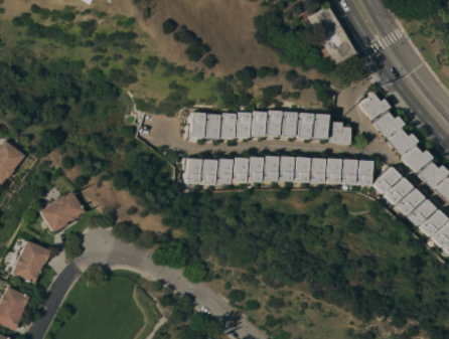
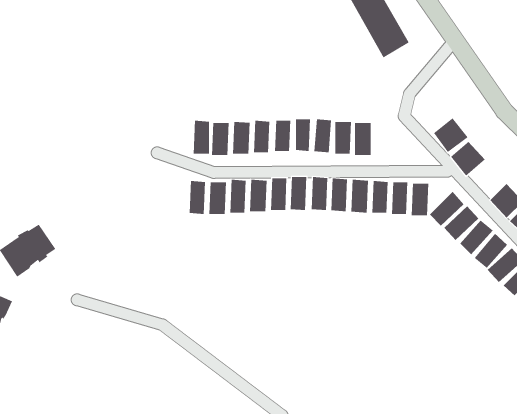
building: [360,93,388,119] -> none
building: [331,122,351,144] -> none
building: [402,145,429,172] -> none

